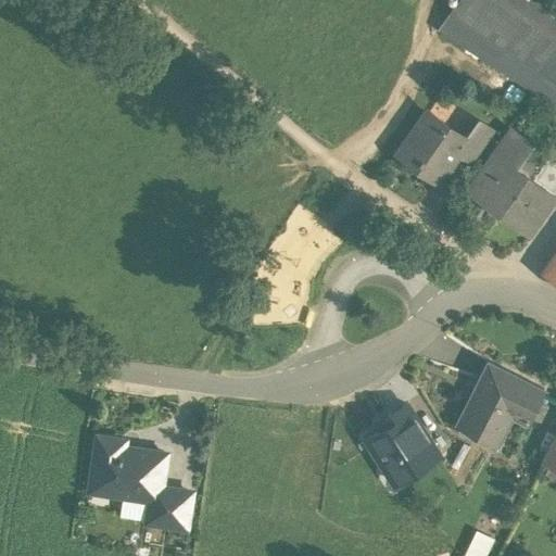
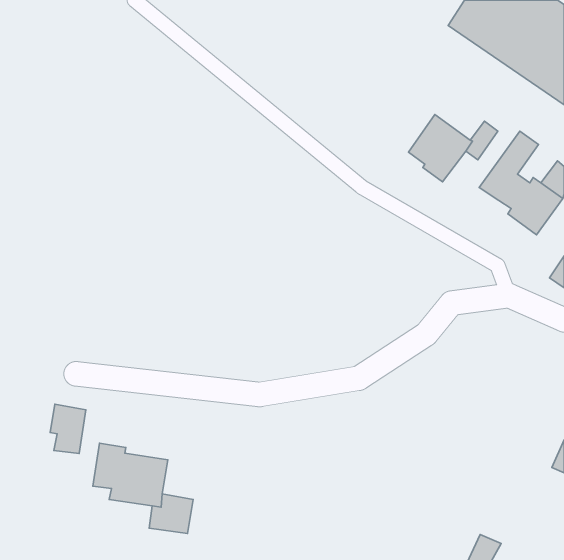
building: [459,365,543,446] -> none
building: none -> [50,404,86,454]
building: [367,407,438,479] -> none

